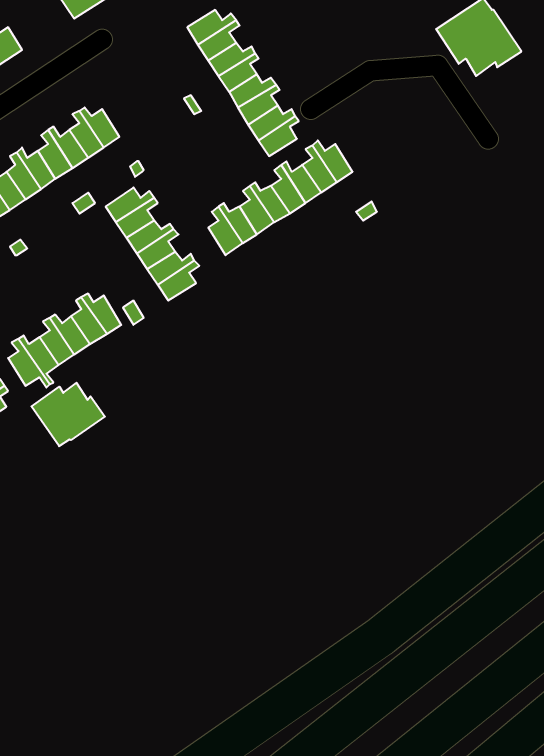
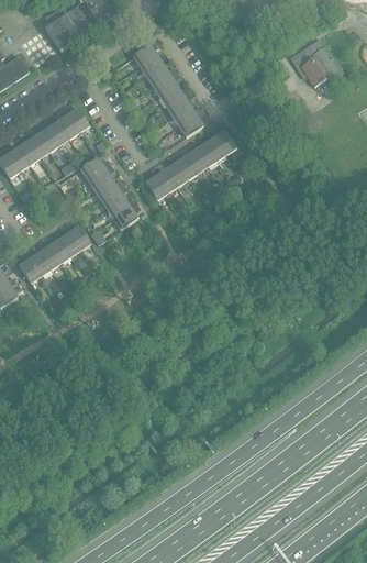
building: [31,383,105,446] -> none

